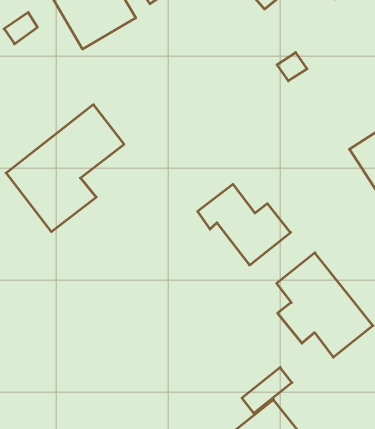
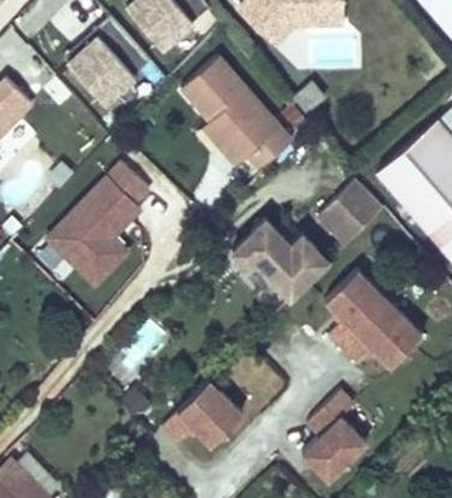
building: none -> [182,55,292,166]
building: none -> [320,179,384,244]
building: none -> [162,391,240,460]

